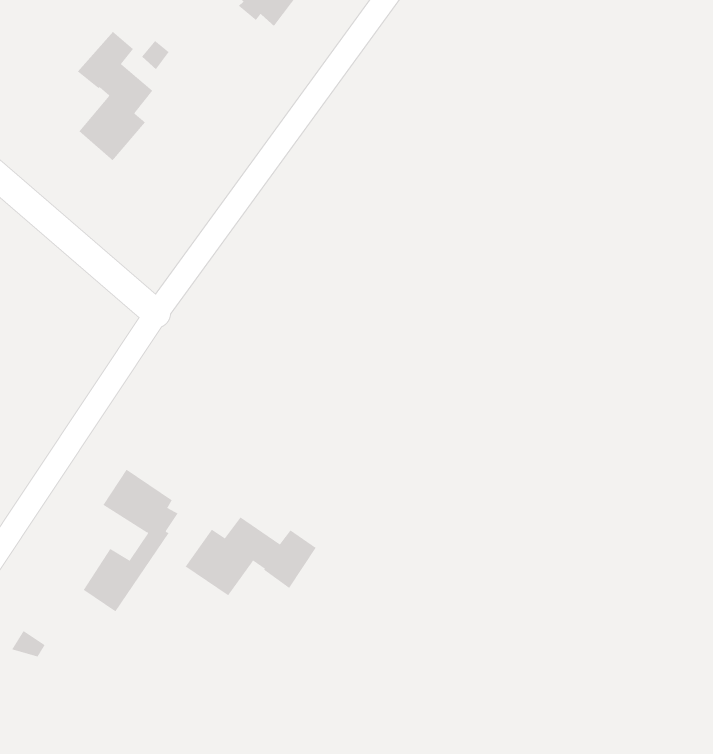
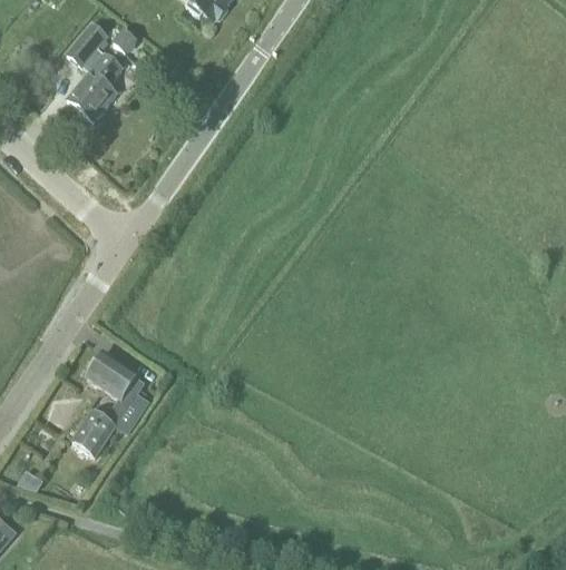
building: [185,517,316,596] -> none

